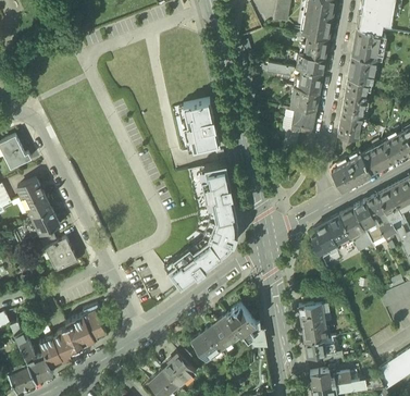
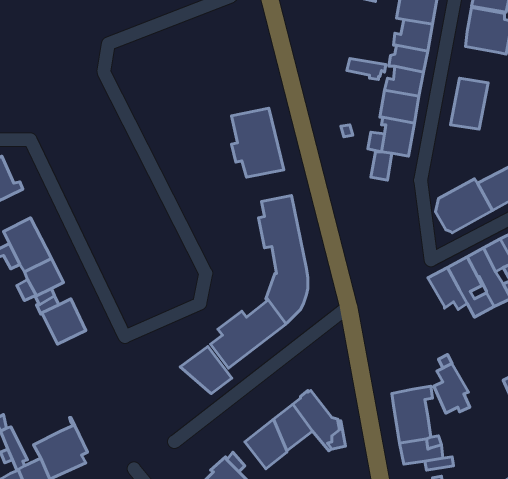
building: [348,55,376,83] -> none
building: [338,112,362,139] -> none
building: [312,223,338,259] -> [434,364,470,413]
building: none -> [180,346,232,393]
building: [66,305,108,349] -> none

